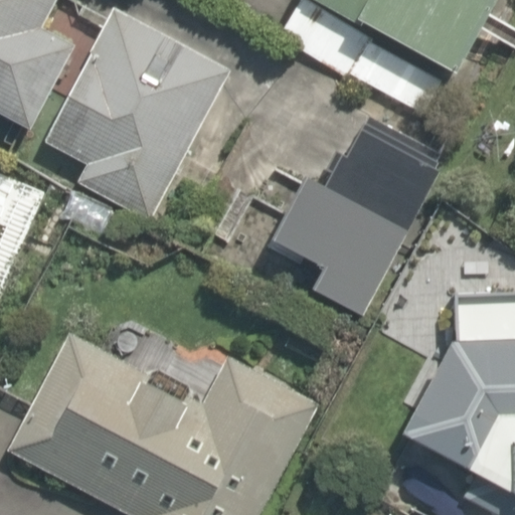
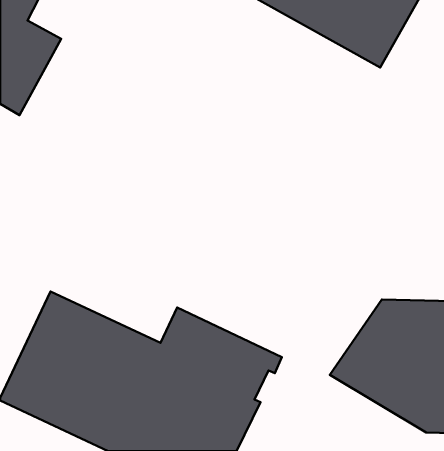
building: [46,13,222,221] -> none
building: [255,122,440,317] -> none

